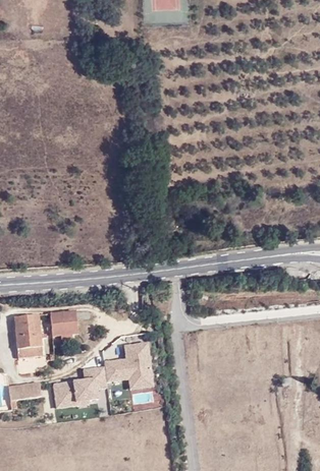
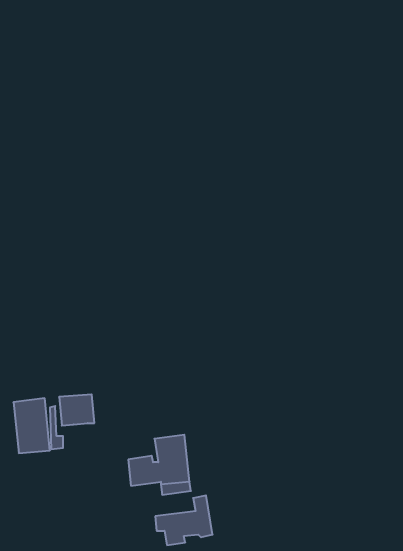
building: [53,368,98,407] -> [155,495,213,545]
building: [7,381,40,408] -> none

